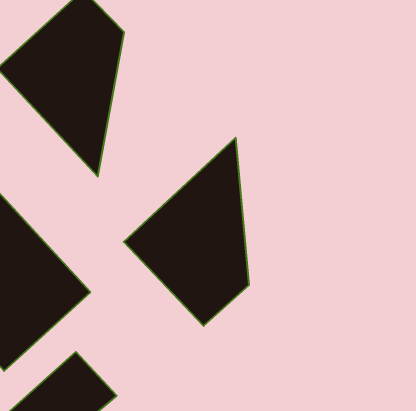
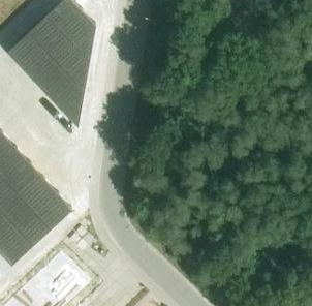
building: [124,138,249,326] -> none

